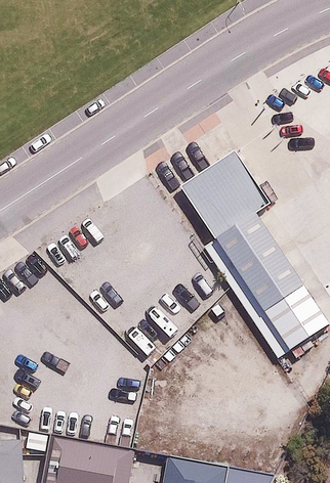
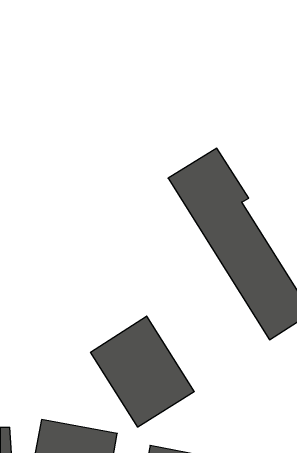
building: none -> [91,316,194,427]

